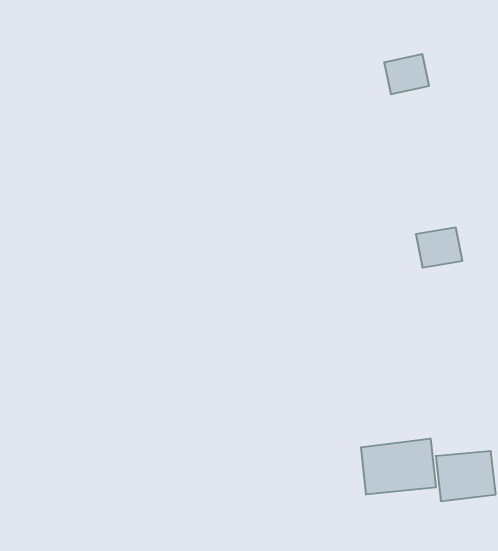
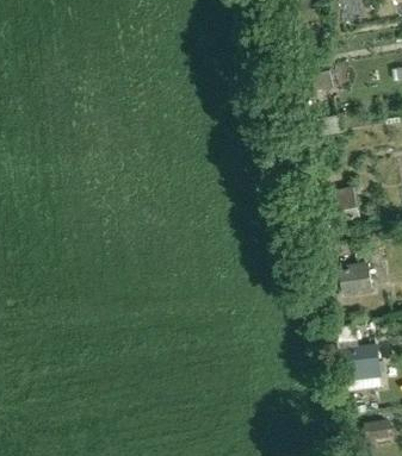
building: none -> [340,262,373,294]
building: [361,438,436,495] -> none

